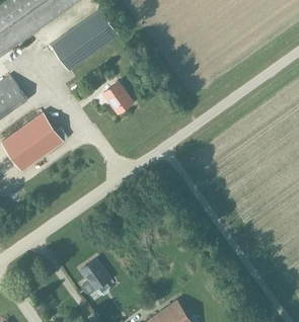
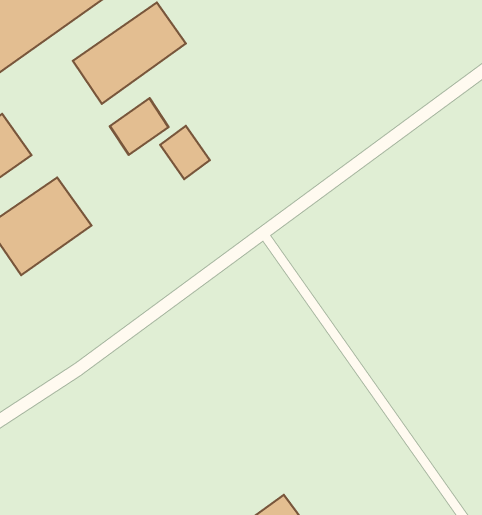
building: none -> [110,98,169,155]
building: [80,259,109,291] -> none

